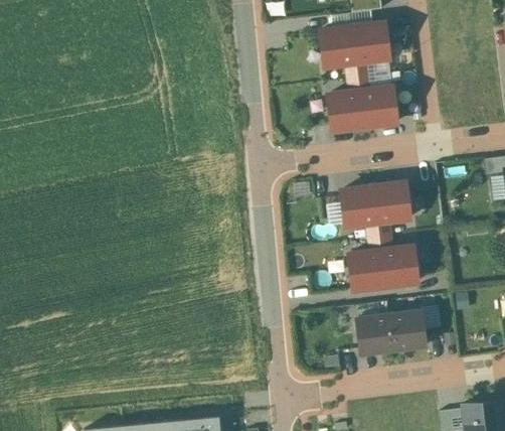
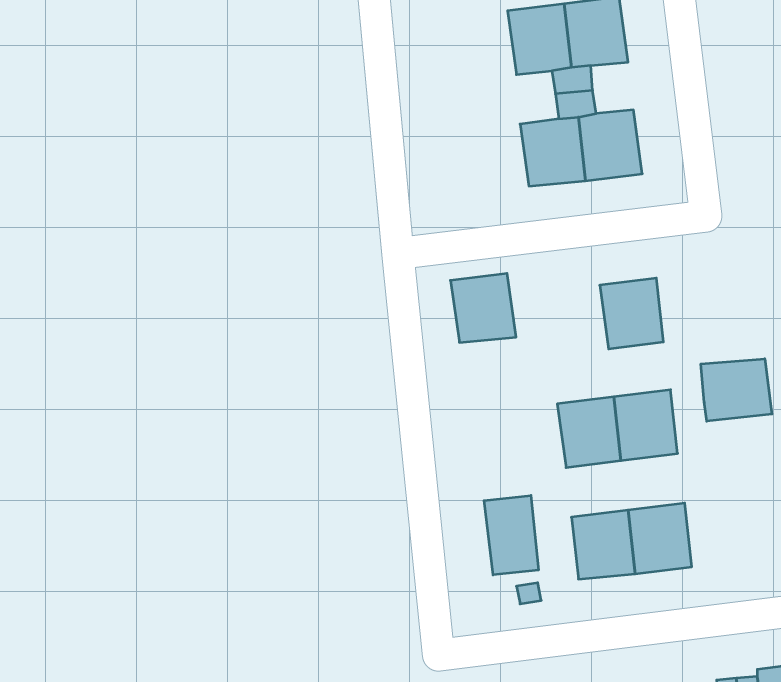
building: [341,186,378,226] -> [450,273,516,342]
building: none -> [701,359,772,421]
building: none -> [484,495,538,575]

